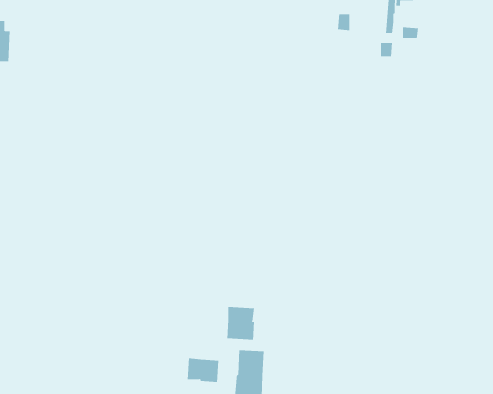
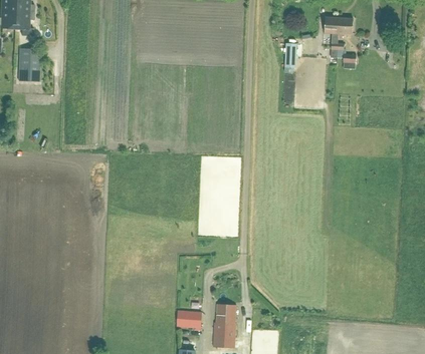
building: [227,306,255,341] -> none

